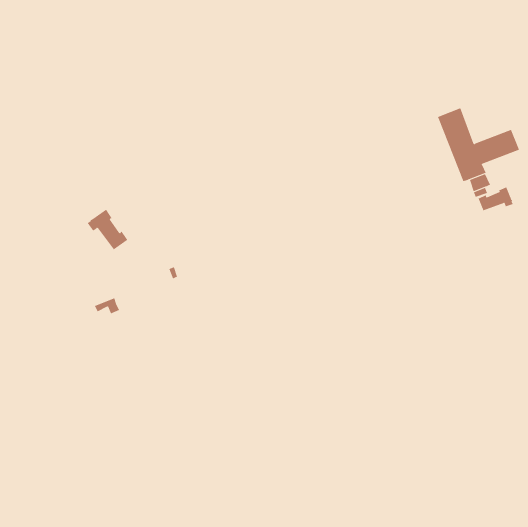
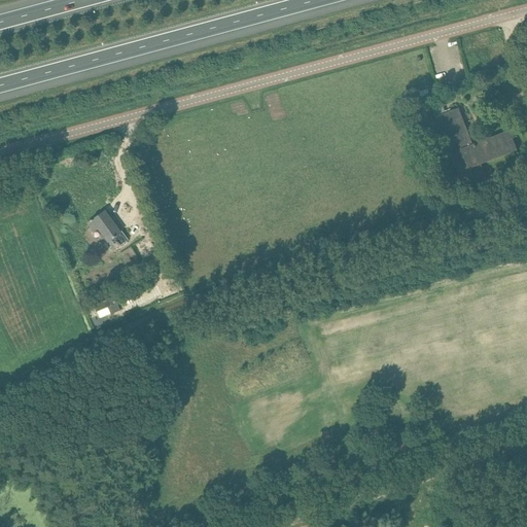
building: [478,186,513,211] -> none

